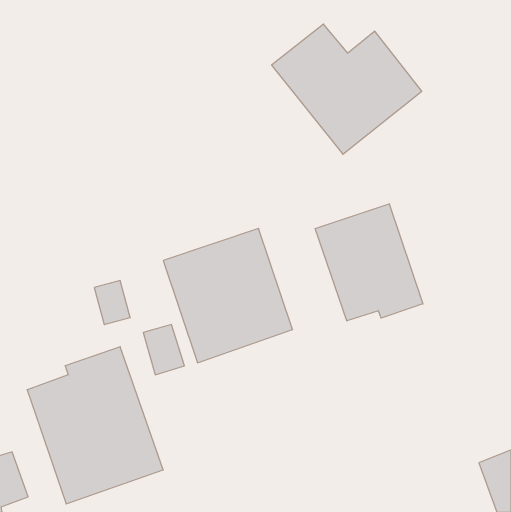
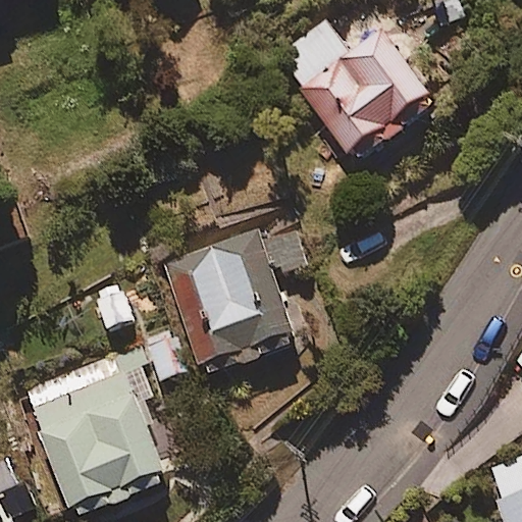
building: [315,204,423,321] -> none

